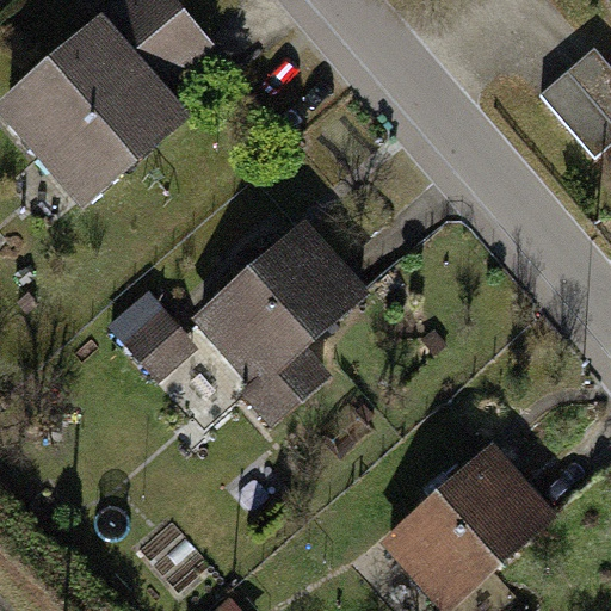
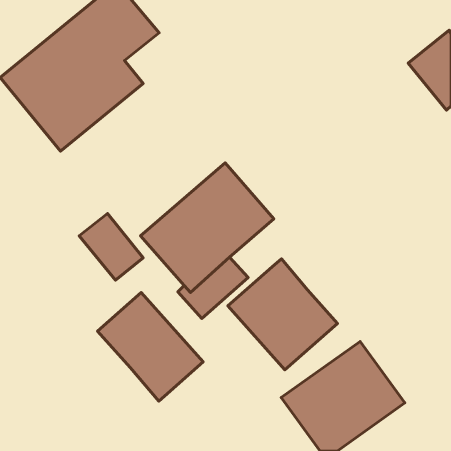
building: none -> [228,259,337,370]
building: none -> [97,292,203,401]

